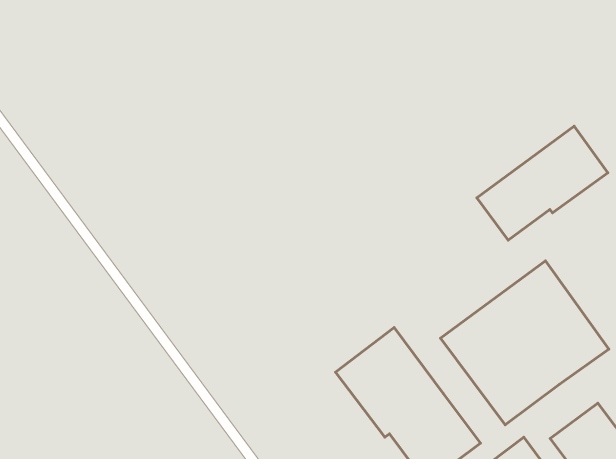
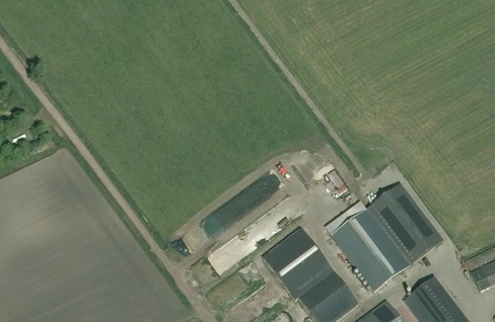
building: [477,126,608,240] -> none

